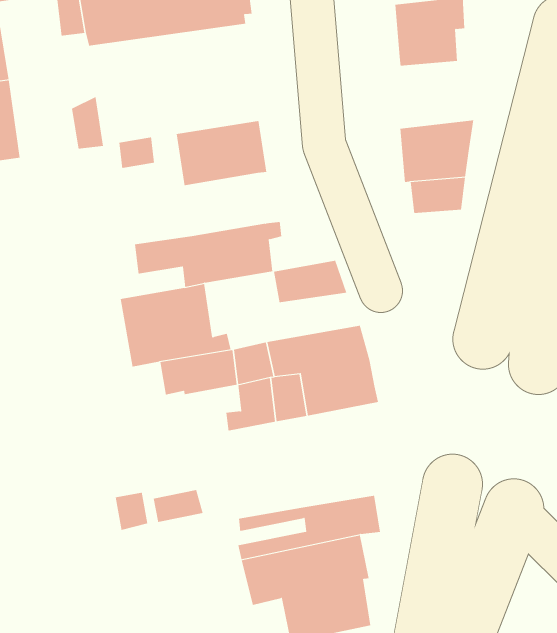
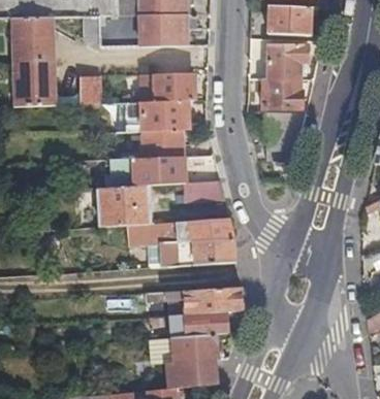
building: none -> [264,78,304,108]
building: none -> [134,72,194,101]
building: none -> [142,128,185,158]
building: none -> [149,287,243,313]

